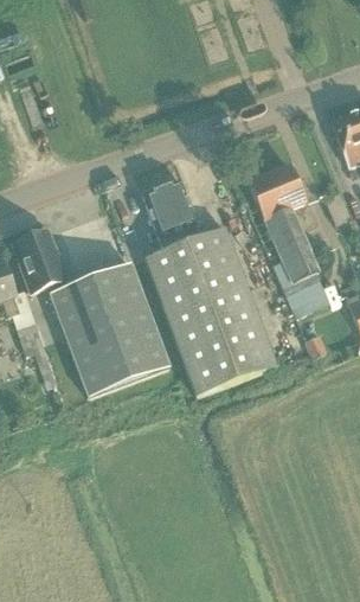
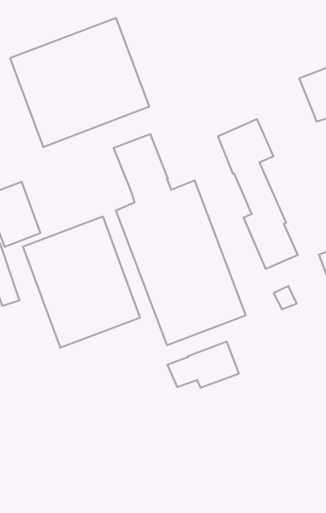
building: none -> [10,18,149,147]
building: none -> [168,342,239,388]

